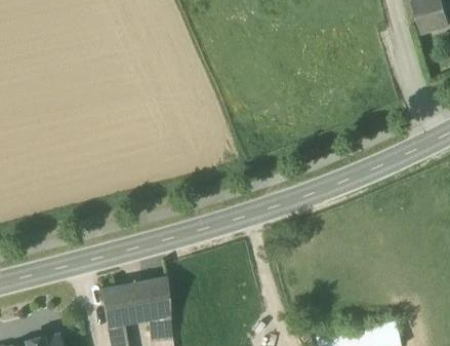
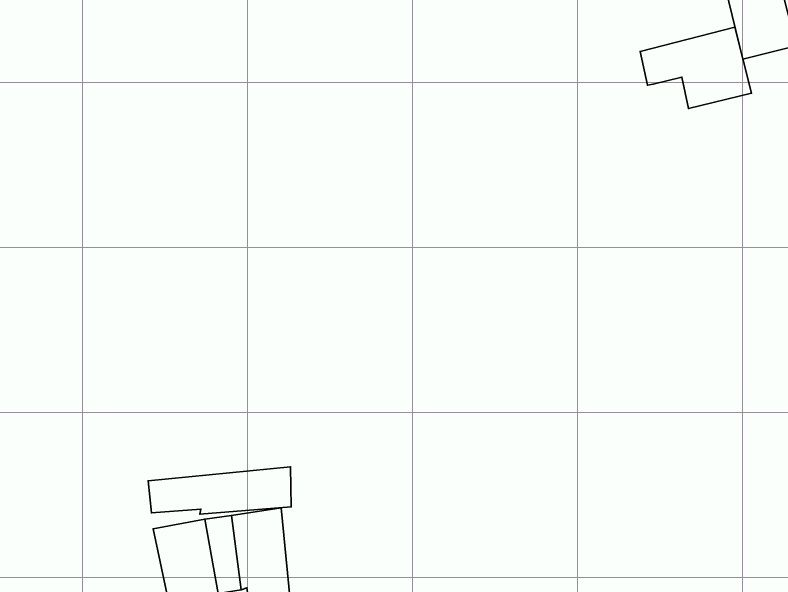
building: none -> [640,27,751,108]
building: none -> [148,467,291,514]

